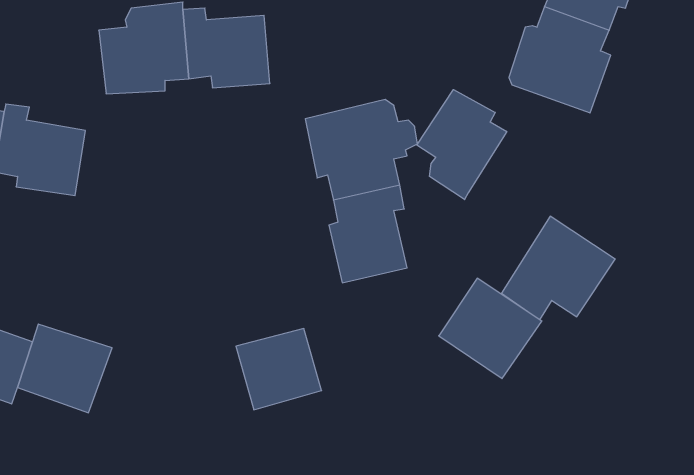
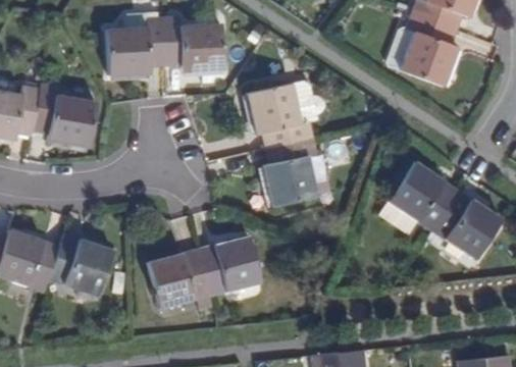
building: [417,90,507,200] -> none
building: [439,278,542,379] -> [433,190,505,259]
building: none -> [148,250,210,307]

